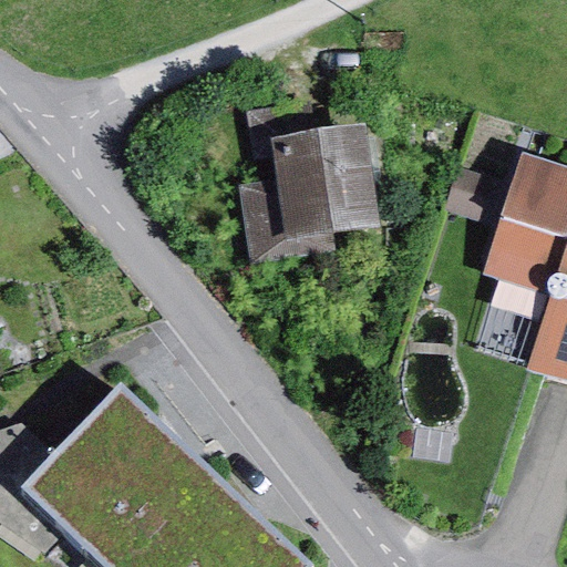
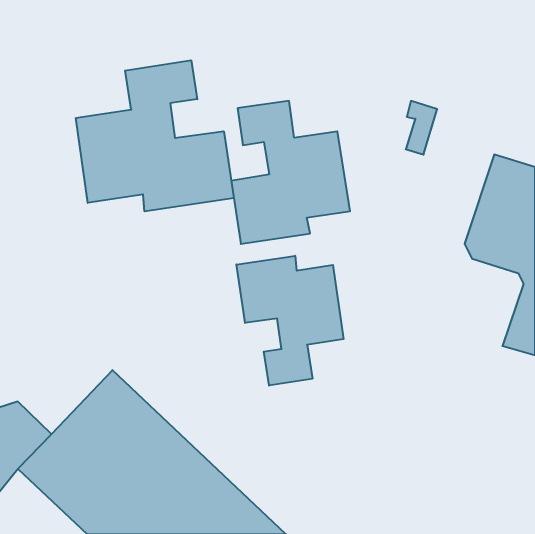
building: none -> [76,60,234,211]
building: none -> [236,256,344,386]

